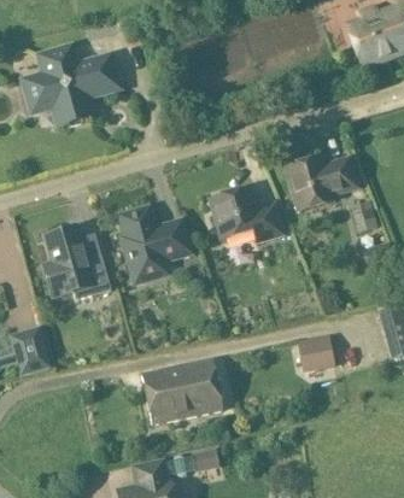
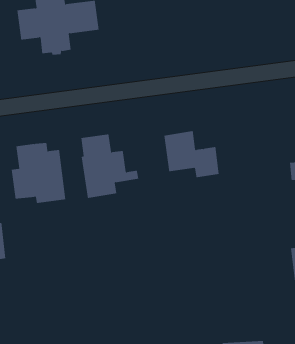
building: [285,157,358,211] -> none
building: [300,334,338,380] -> none
building: [141,361,223,423] -> none

